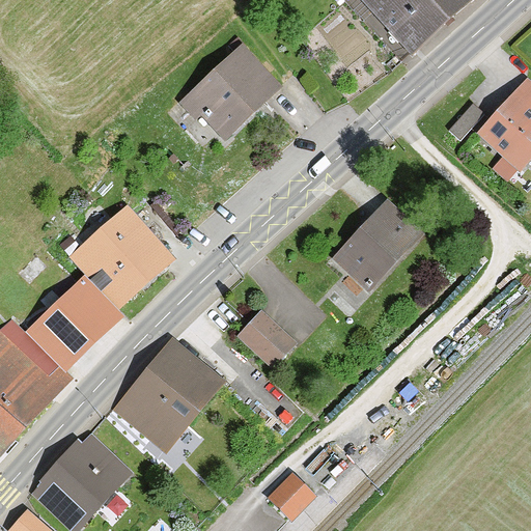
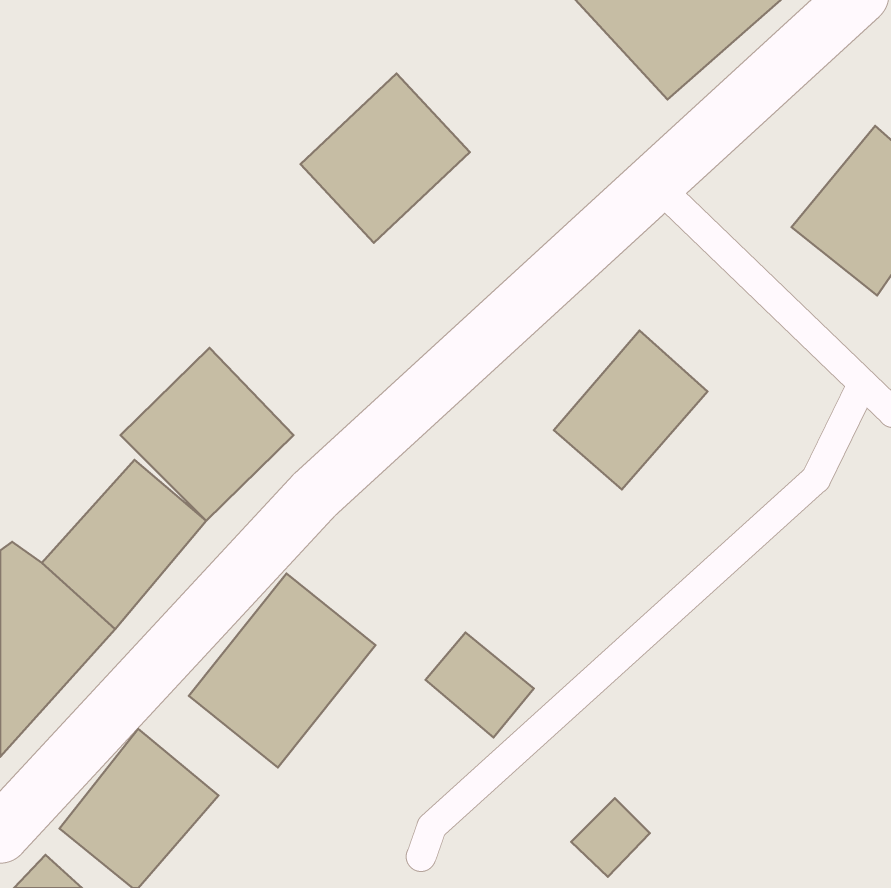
building: [235,305,300,367] -> [425,633,534,738]
building: [269,471,315,518] -> [571,798,650,877]

